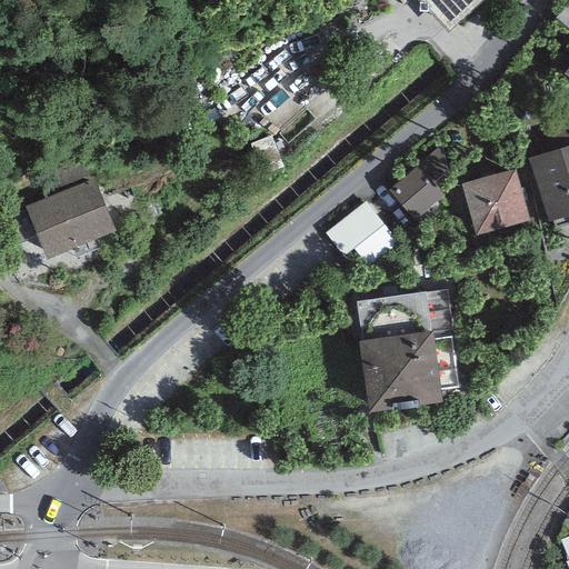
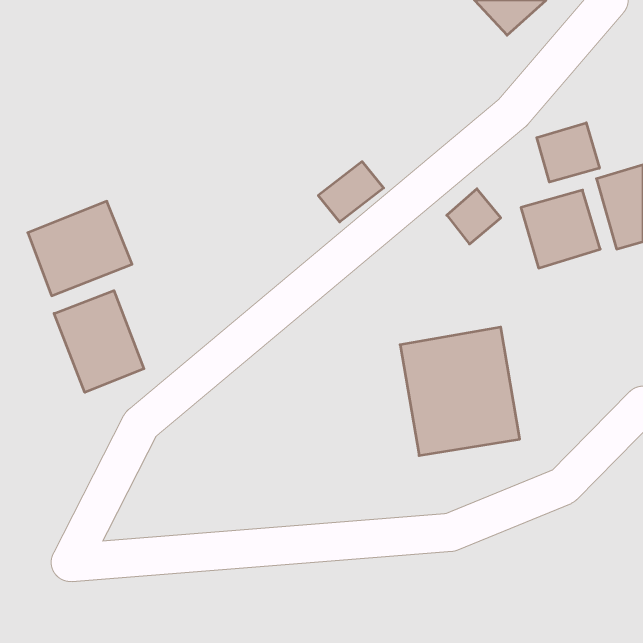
building: none -> [537,123,599,182]
building: [330,206,388,259] -> [318,162,384,222]
building: none -> [54,291,144,392]

